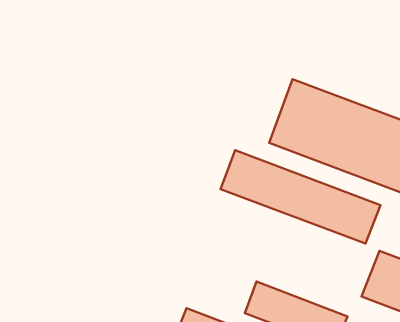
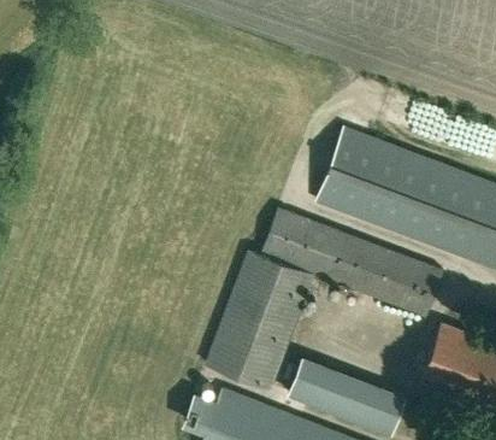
building: none -> [205,251,312,388]

